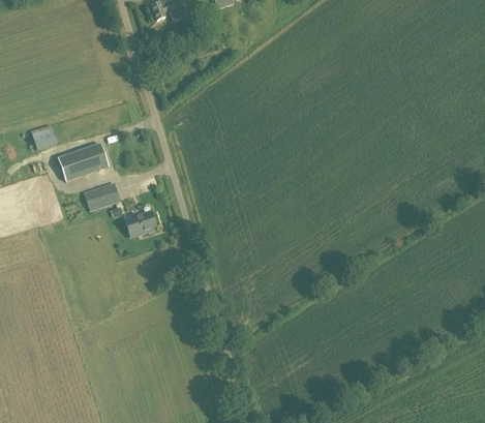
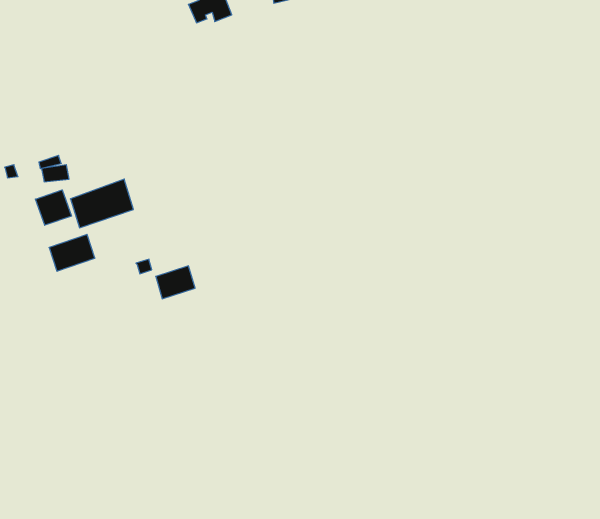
building: none -> [35,190,72,225]
building: [84,182,120,211] -> [49,234,95,271]

